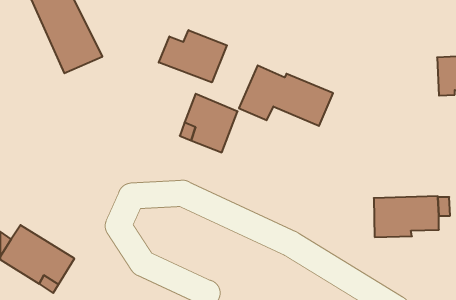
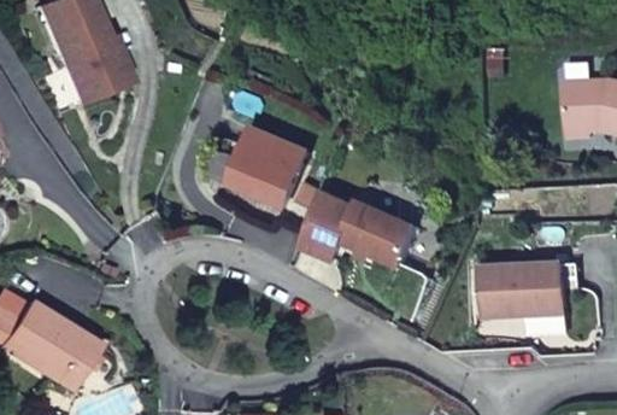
building: [159,30,227,82] -> none
building: [239,65,333,126] -> [301,189,423,268]

